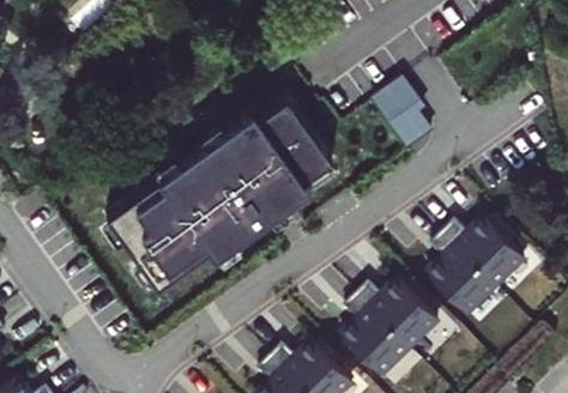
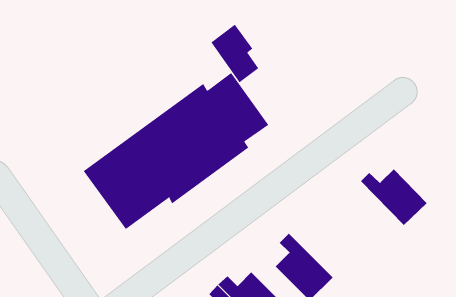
building: [373,78,431,150] -> [211,24,259,83]
building: [427,232,496,315] -> none
building: [357,279,439,349] -> none

